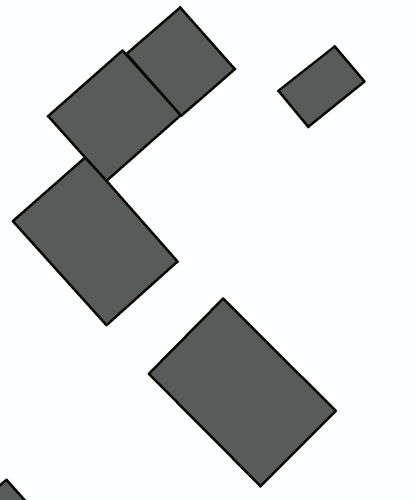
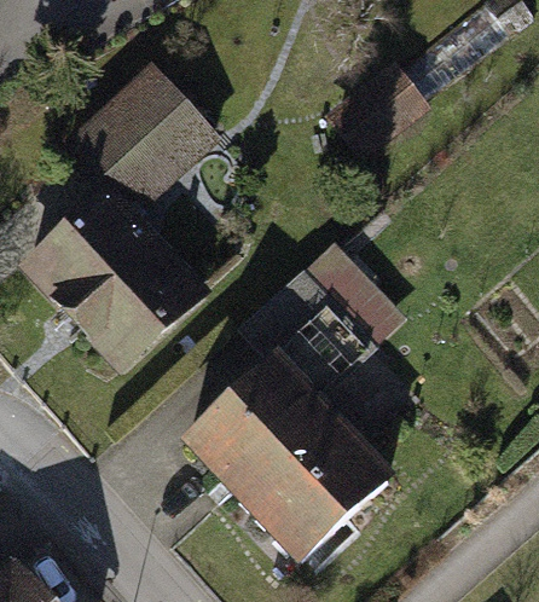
building: [126,7,235,116] -> none
building: none -> [236,255,382,399]

